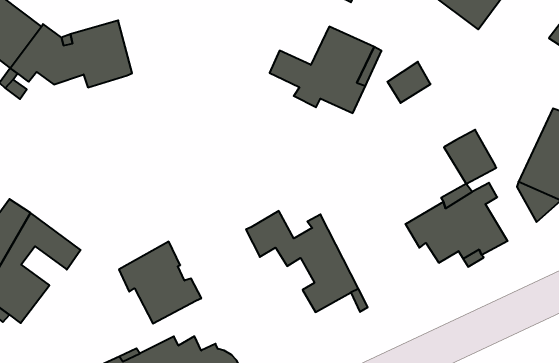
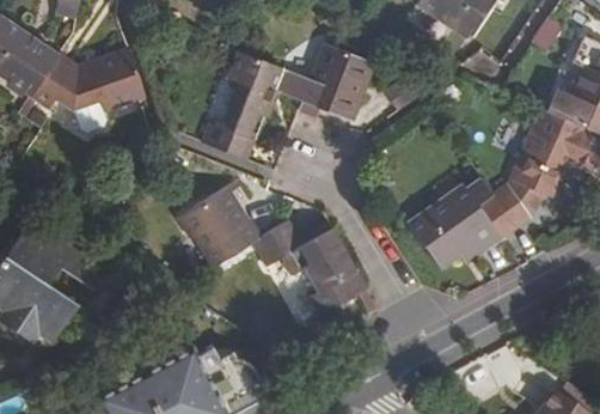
building: none -> [198,51,280,160]
building: [444,130,496,184] -> [480,184,531,236]
building: [119,242,201,324] -> [183,184,262,262]

